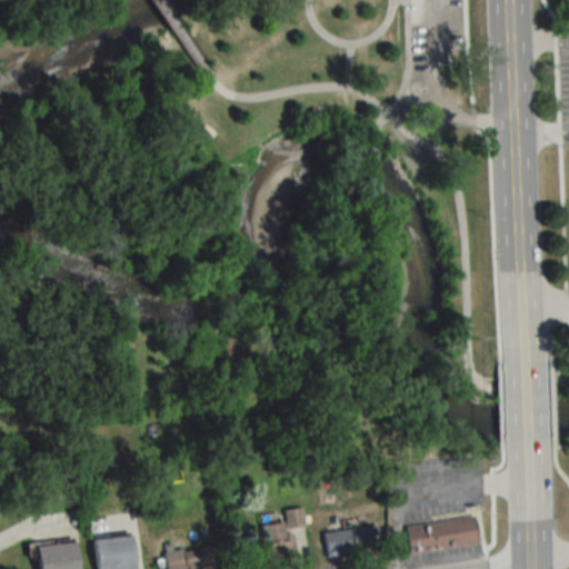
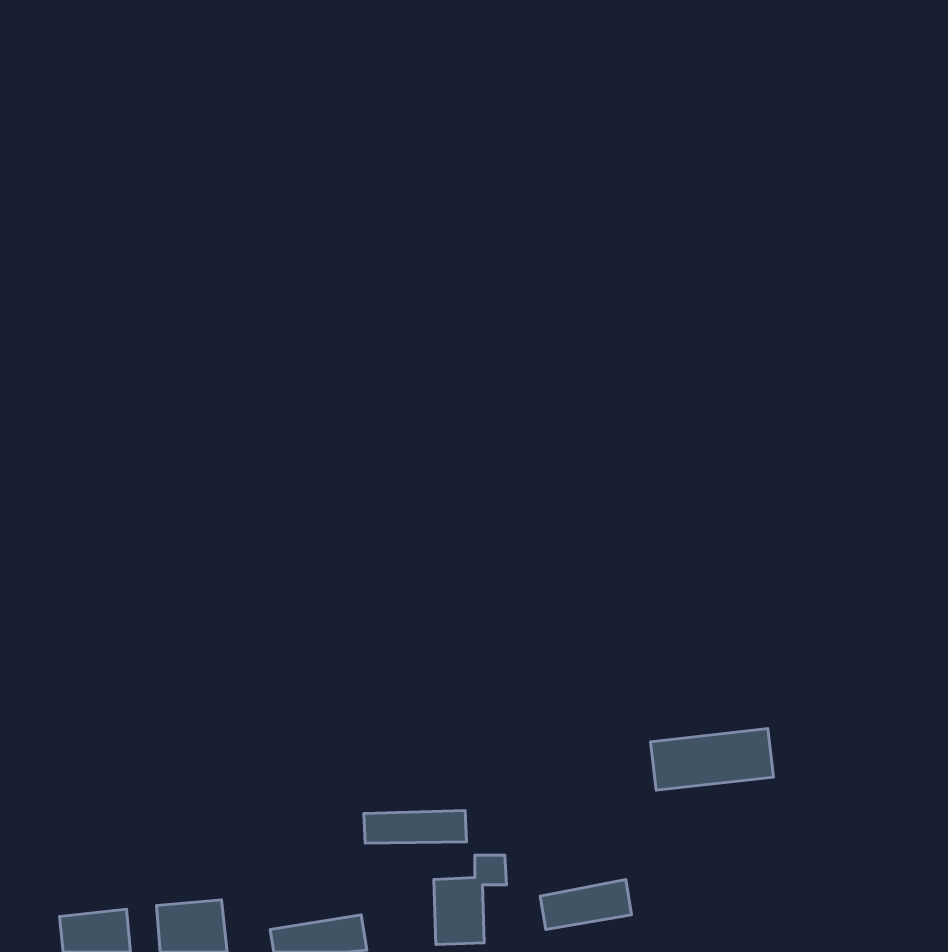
building: none -> [364,810,467,843]
building: [406,517,479,553] -> [651,729,774,790]

